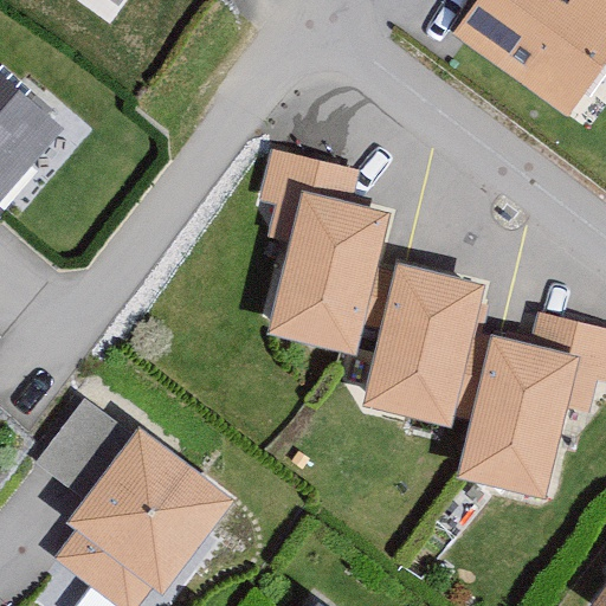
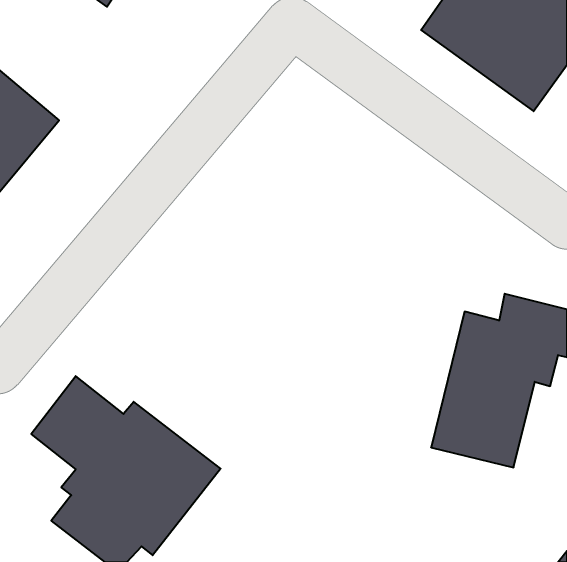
building: [258,149,393,355] -> none
building: [367,262,479,426] -> none

